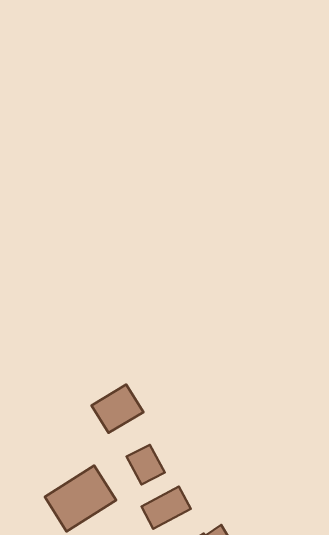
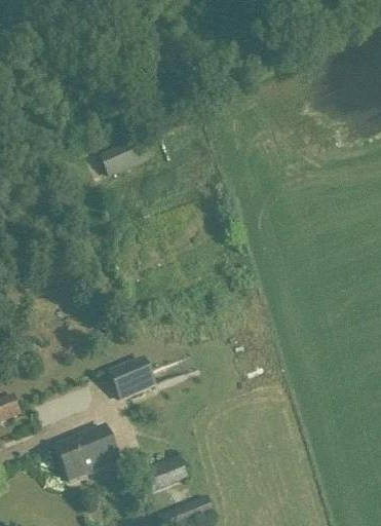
building: none -> [100,138,150,178]
building: [126,445,165,484] -> none

